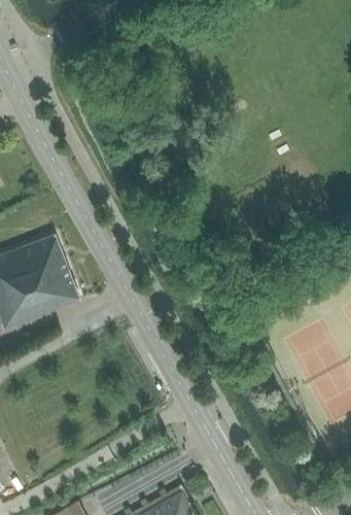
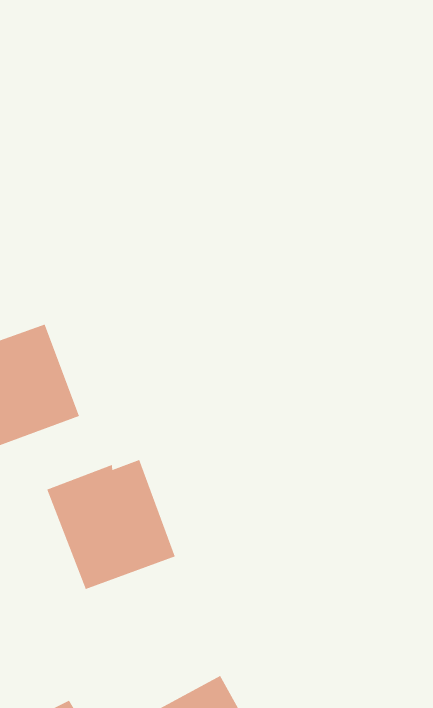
building: none -> [47,459,175,590]

